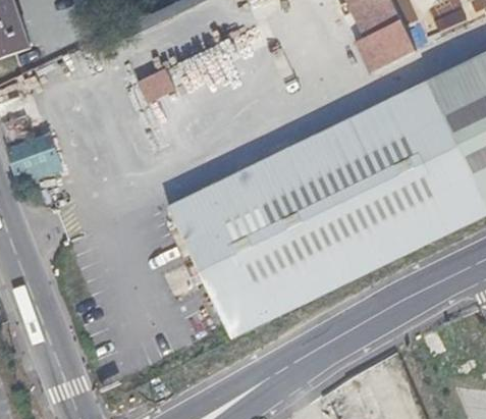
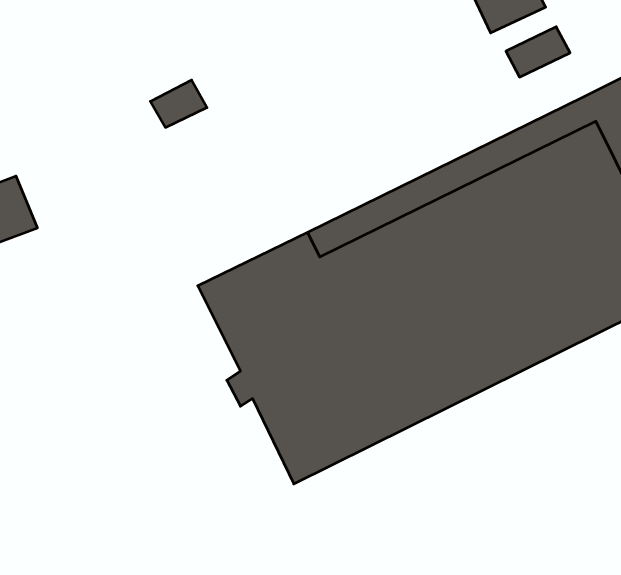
building: [355,18,408,72] -> none

